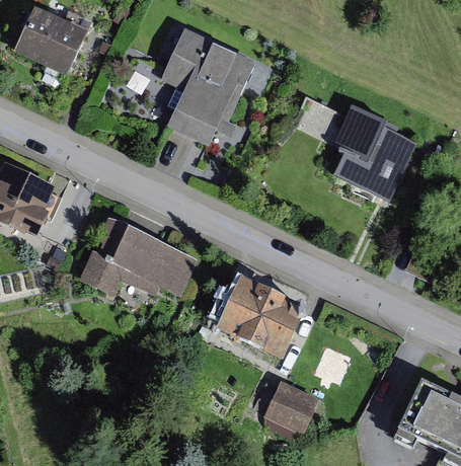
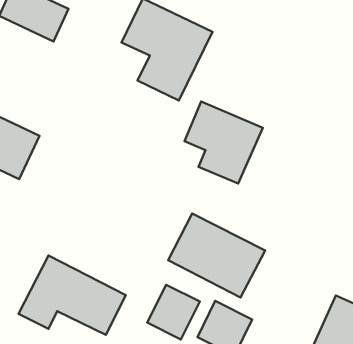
building: [319,104,409,199] -> [184,101,263,184]
building: [82,216,206,307] -> [18,256,126,335]
building: none -> [147,285,200,339]

